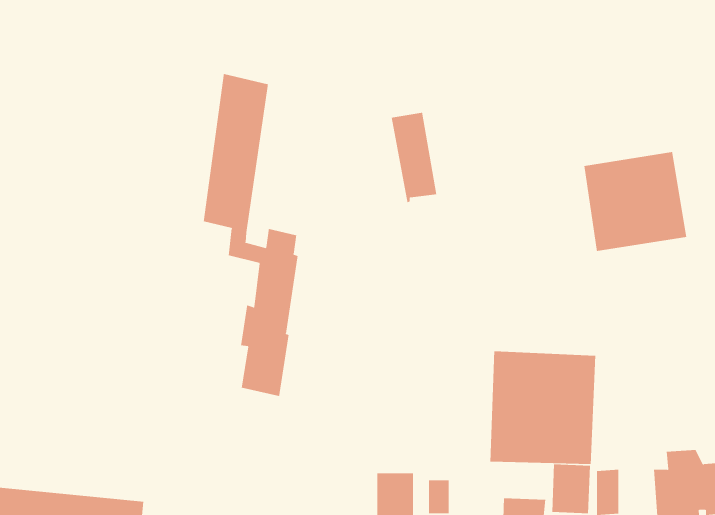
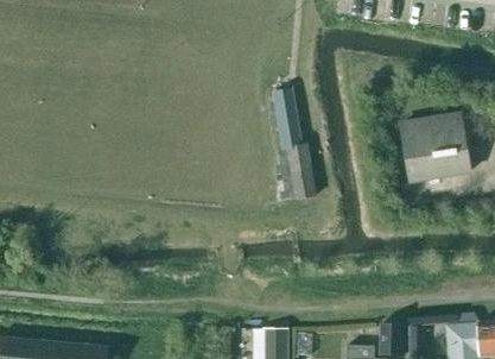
building: [203,73,298,397] -> none
building: none -> [285,141,316,200]
building: [490,350,596,465] -> none

